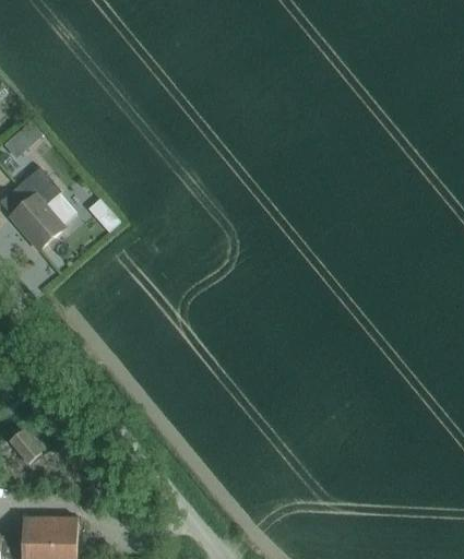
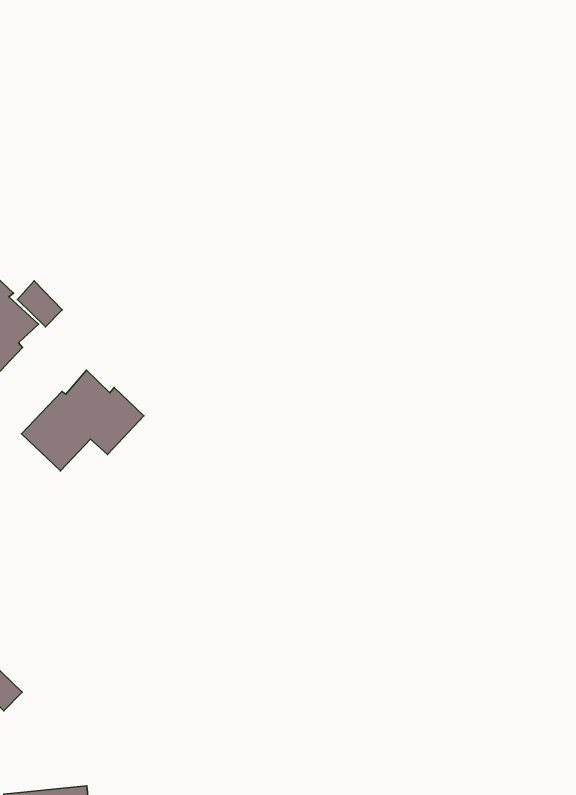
building: none -> [22,370,144,471]

